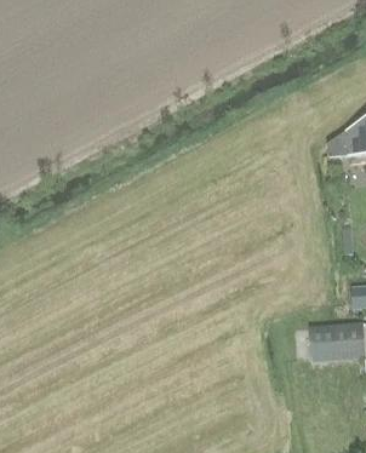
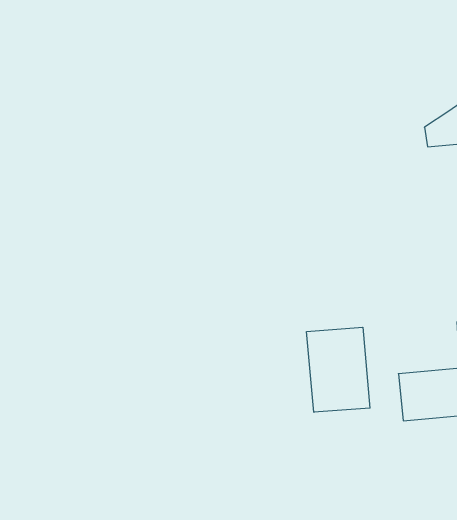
building: none -> [307,327,370,412]

